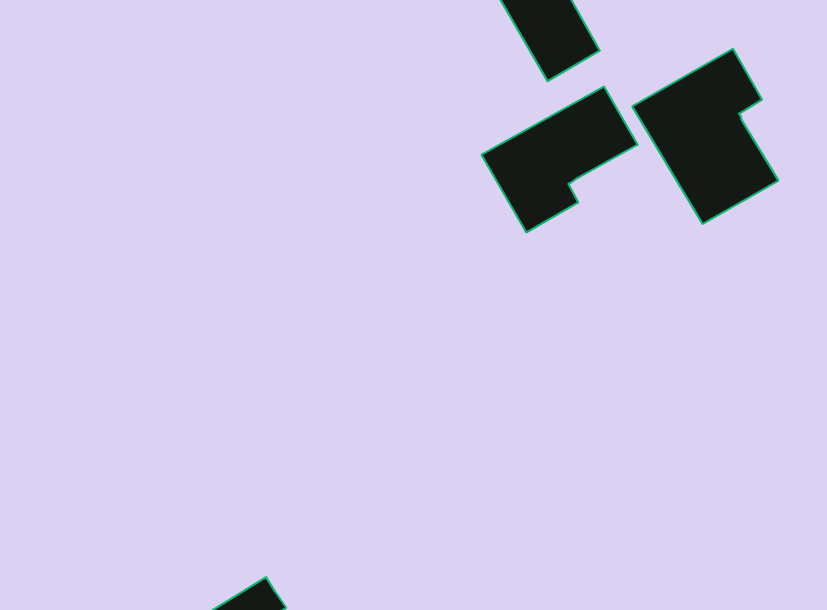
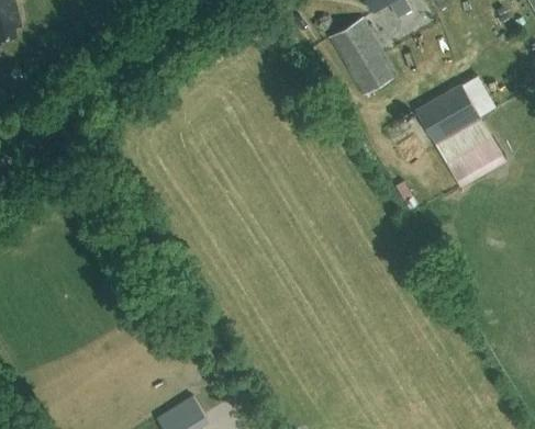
building: [482,87,638,232] -> none

